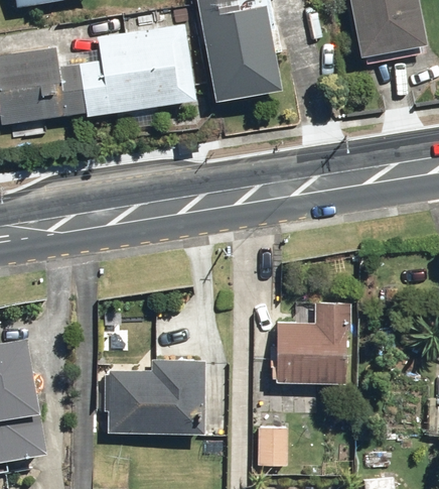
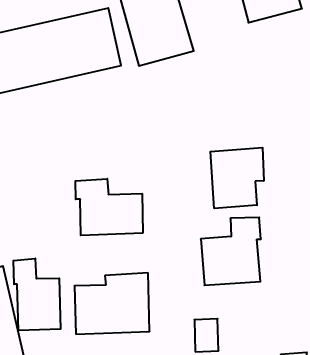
building: none -> [210,148,264,208]
building: none -> [75,179,143,235]
building: none -> [13,258,61,331]

